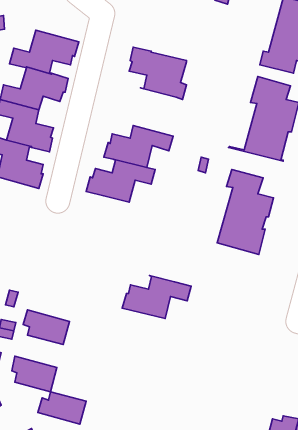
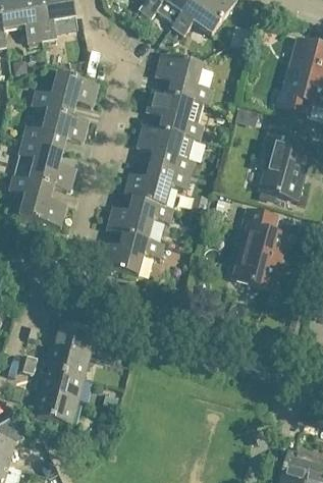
building: none -> [157,53,212,104]
building: none -> [138,124,194,175]
building: [122,276,191,318] -> [96,233,163,275]
building: none -> [48,323,95,356]
building: [38,392,86,424] -> [36,369,83,400]

